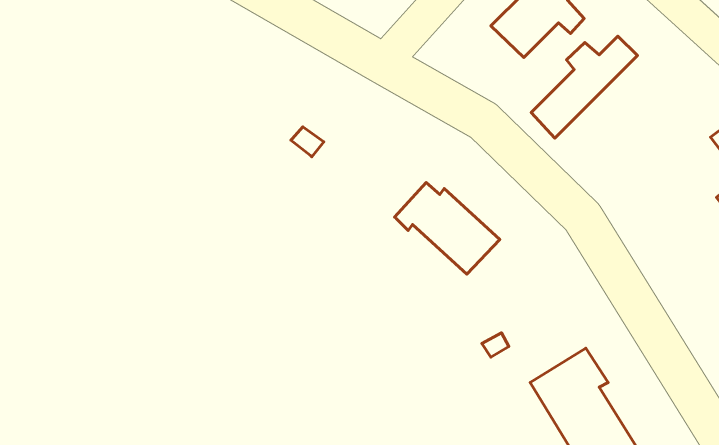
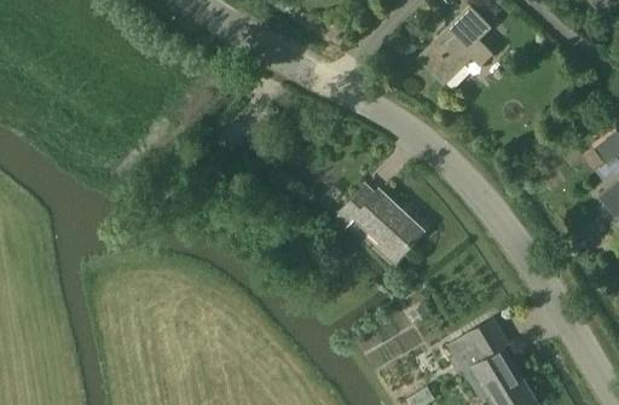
building: [531,36,637,138] -> none

